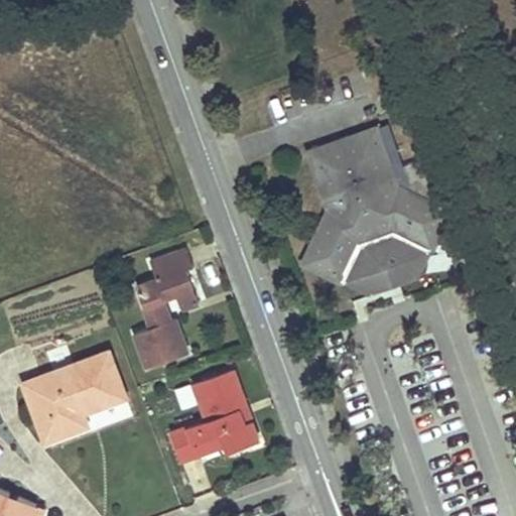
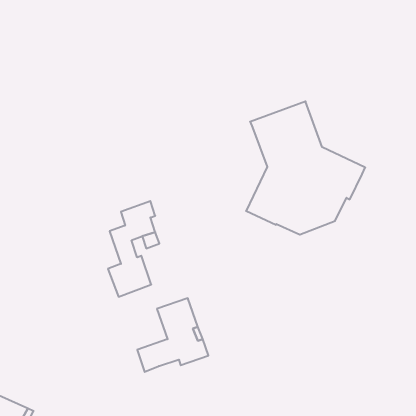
building: [23,360,124,448] -> none

